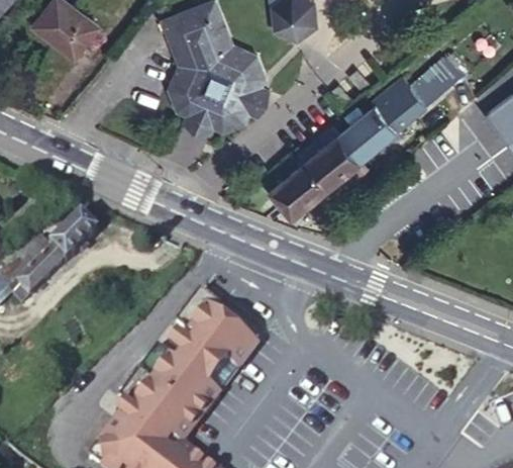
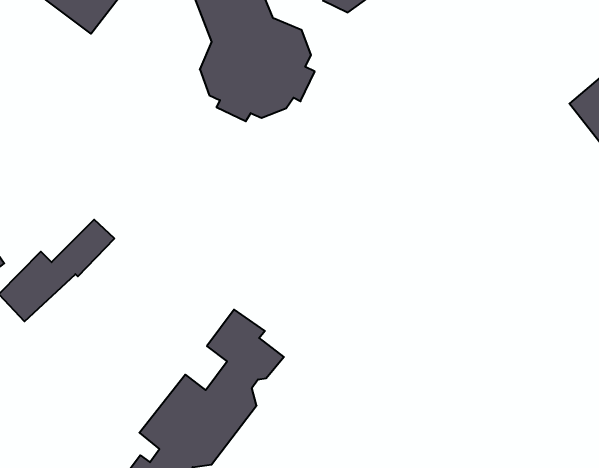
building: [273,60,464,218] -> none

